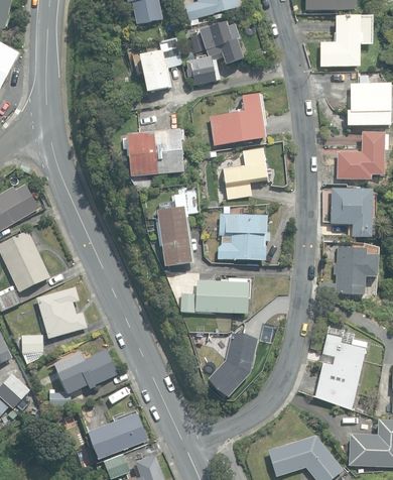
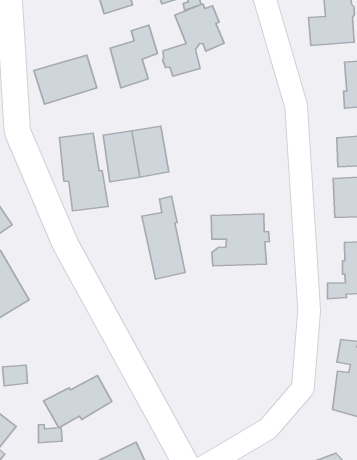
building: none -> [34,55,97,104]
building: [209,94,265,145] -> none
building: none -> [59,133,108,211]
building: [222,148,266,199] -> none
building: [180,278,250,313] -> none
building: [36,285,87,338] -> none
building: [208,332,257,396] -> none

